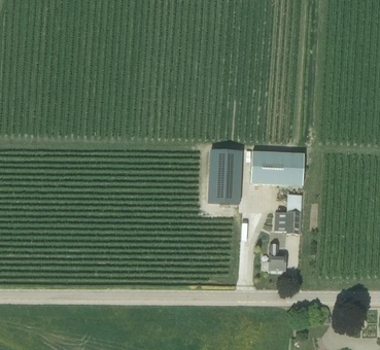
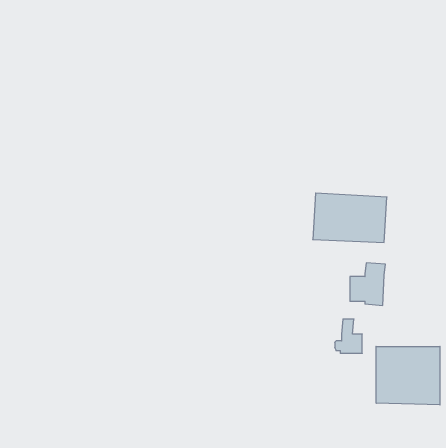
building: [208,150,242,203] -> none
building: none -> [376,346,440,405]

